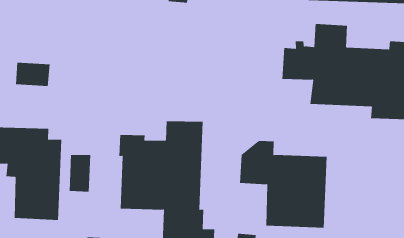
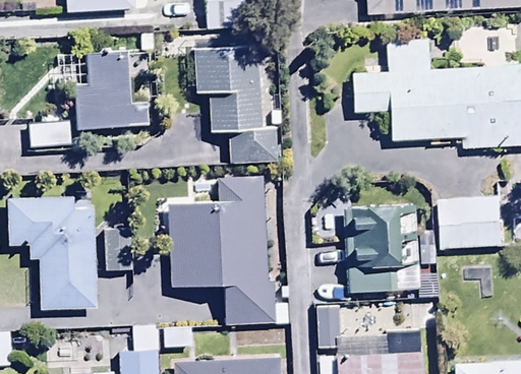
building: none -> [75,50,151,129]
building: none -> [194,50,277,166]
building: none -> [436,193,505,250]

